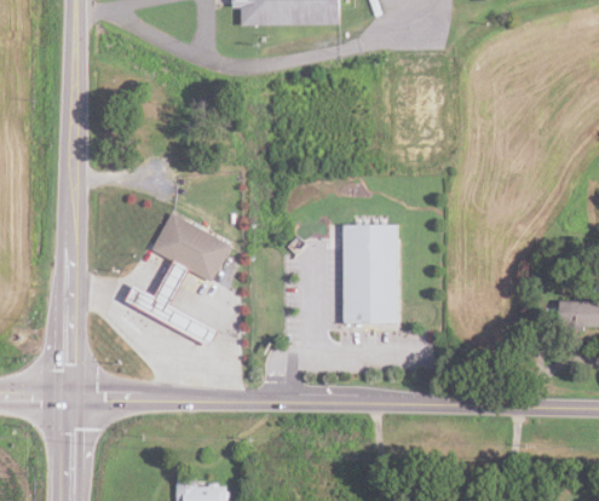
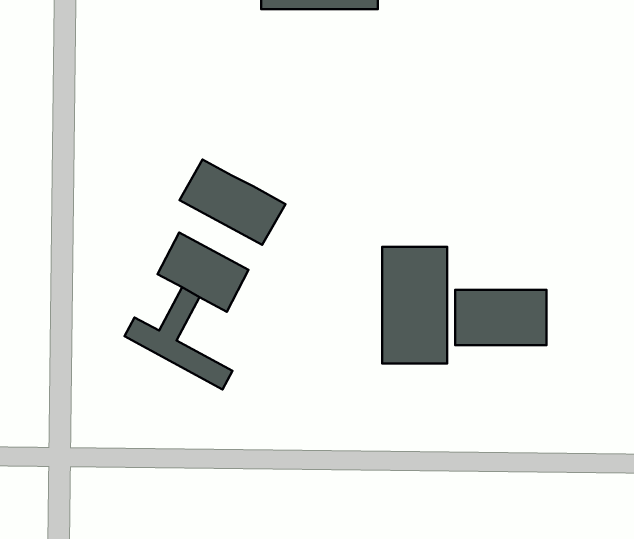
building: none -> [179,159,285,245]
building: none -> [455,290,546,345]

